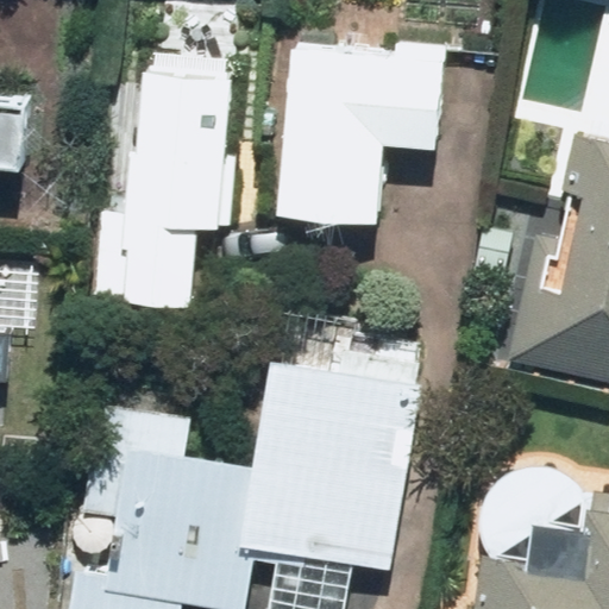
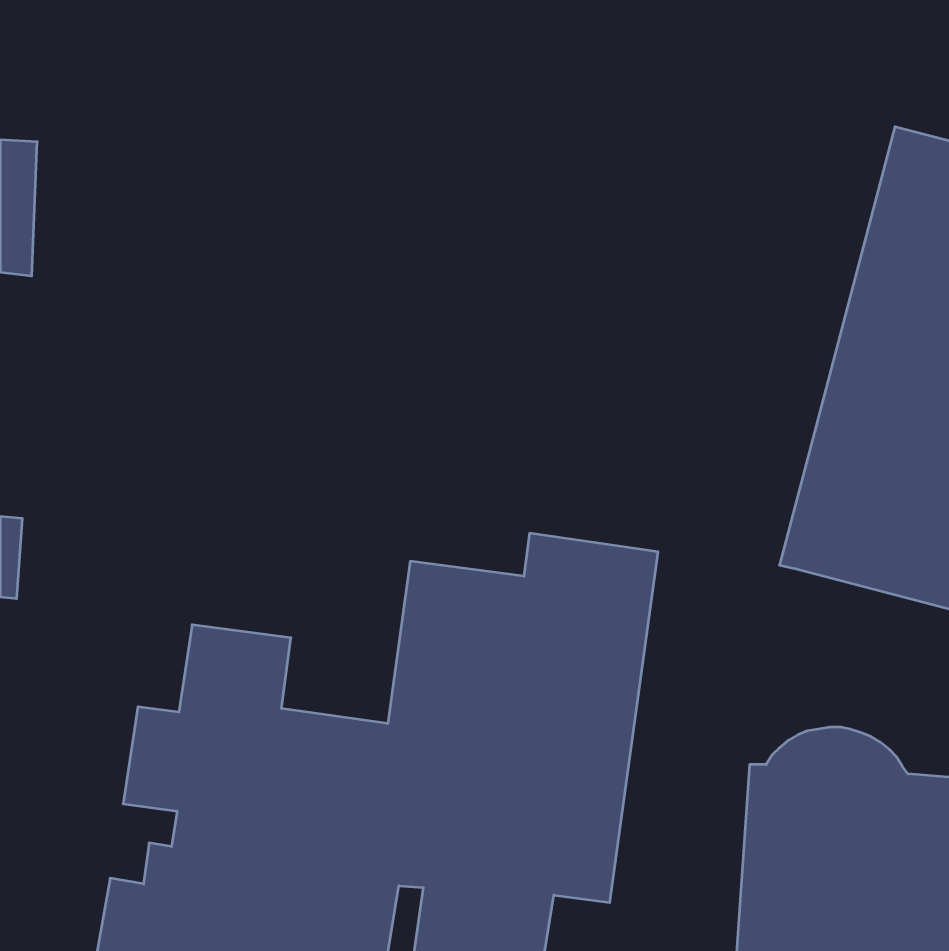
building: [270,34,453,228] -> none
building: [95,61,239,307] -> none

